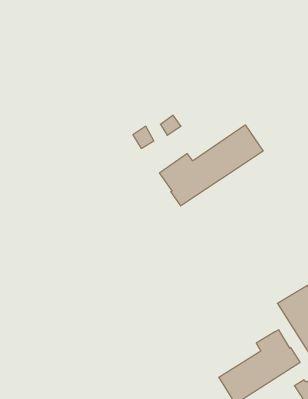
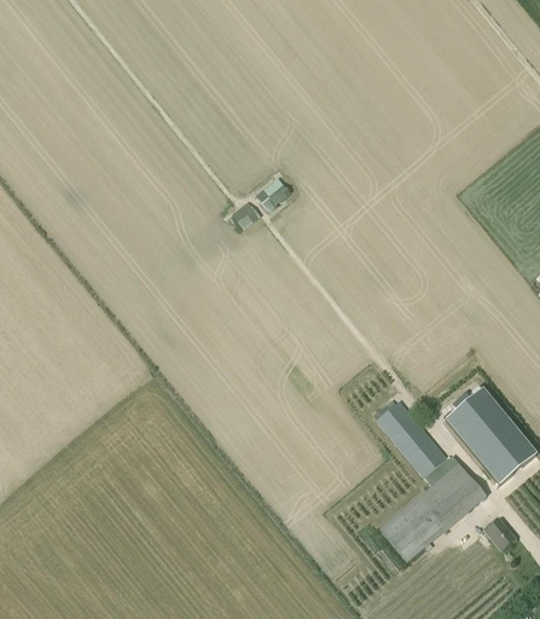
building: [159,125,263,206] -> none
building: none -> [374,397,447,475]

